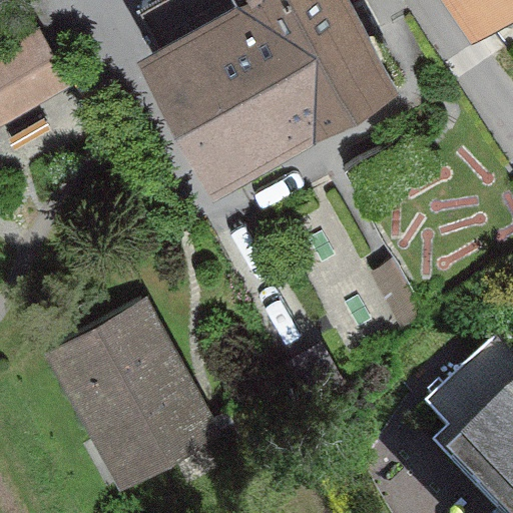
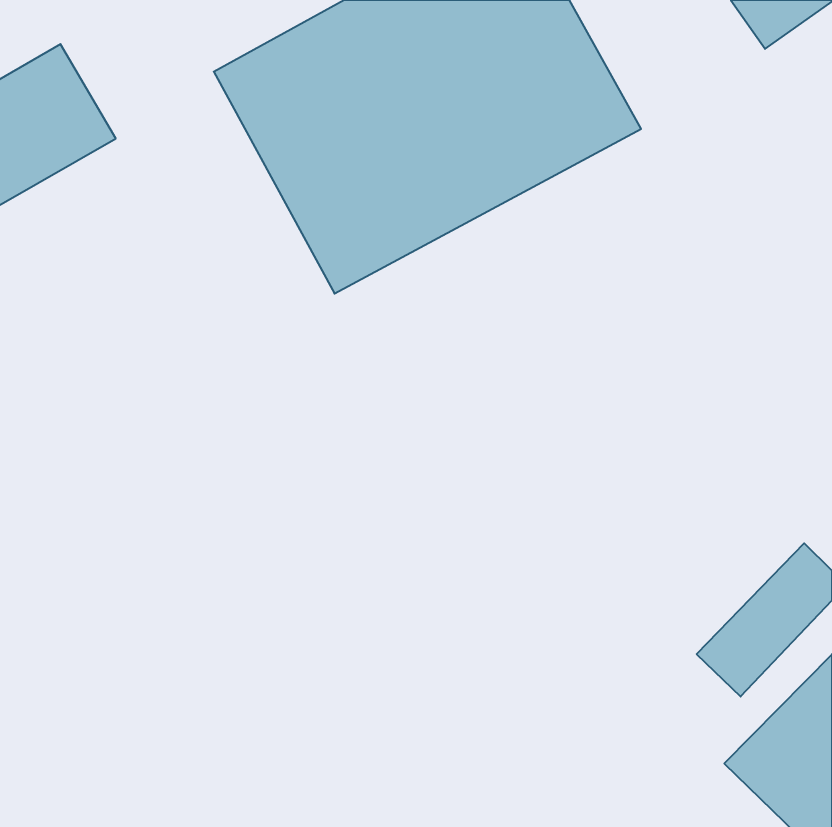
building: [48,300,224,492] -> none

